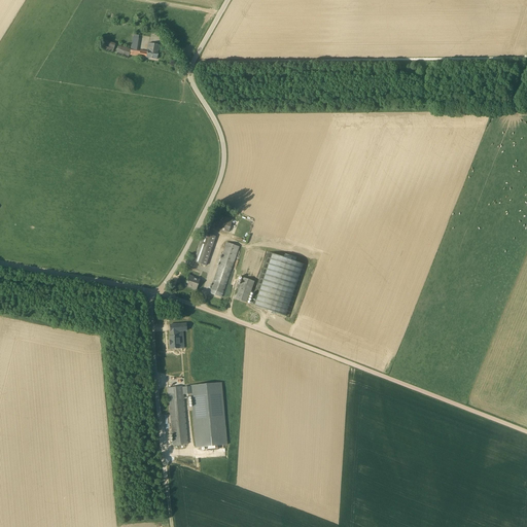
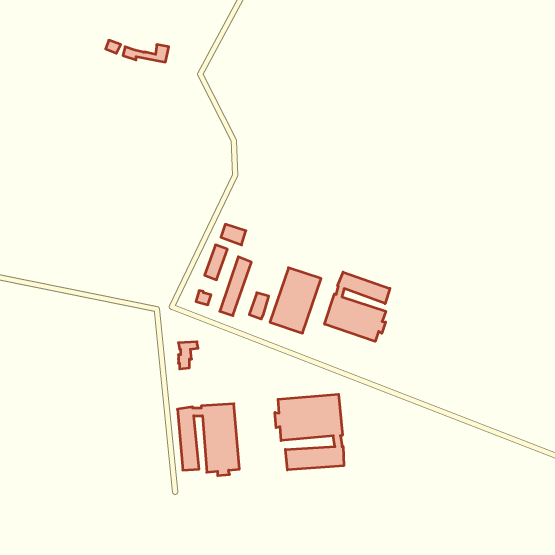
building: none -> [325,272,390,341]
building: none -> [275,394,344,470]

